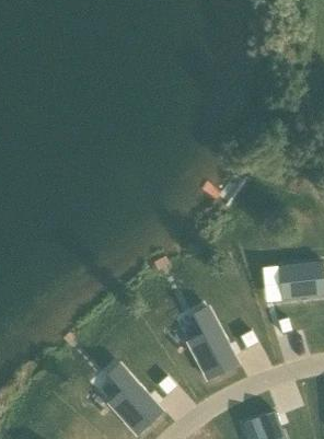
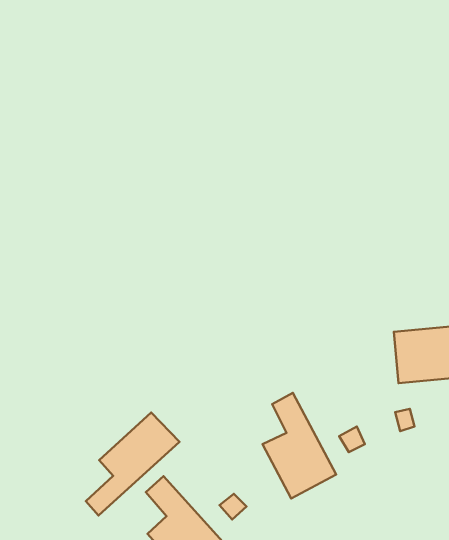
building: none -> [86,412,179,515]

